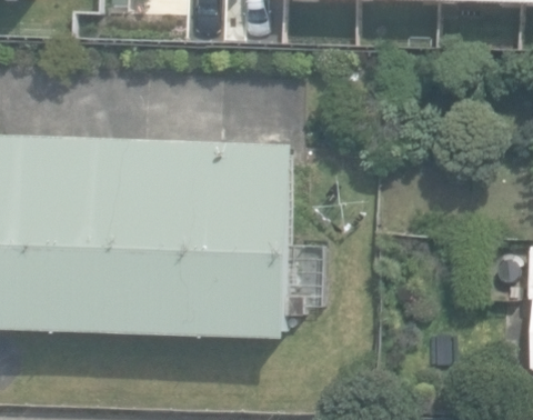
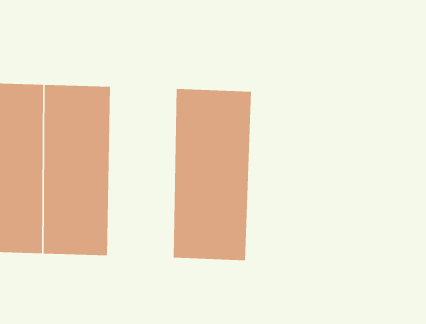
building: [140,139,217,332] -> none

